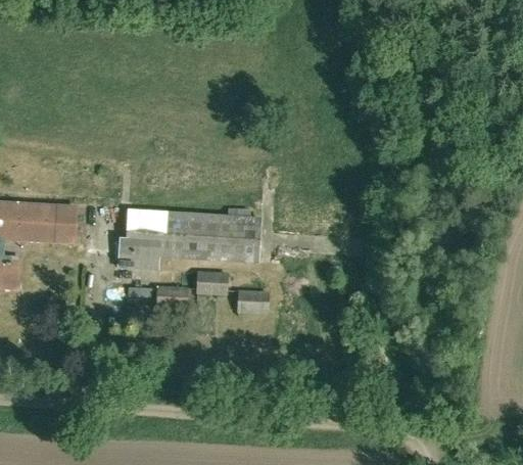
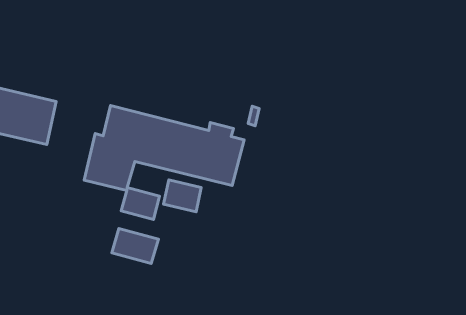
building: [236,286,268,312] -> none
building: none -> [112,228,158,264]

